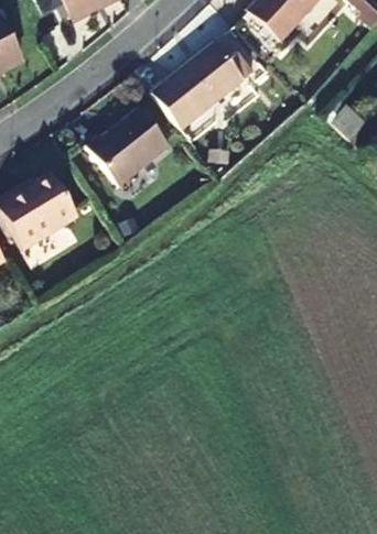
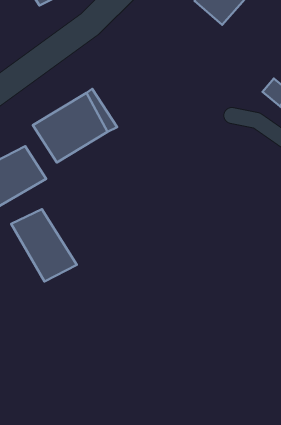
building: [154,42,248,130] -> none
building: none -> [11,209,77,282]

